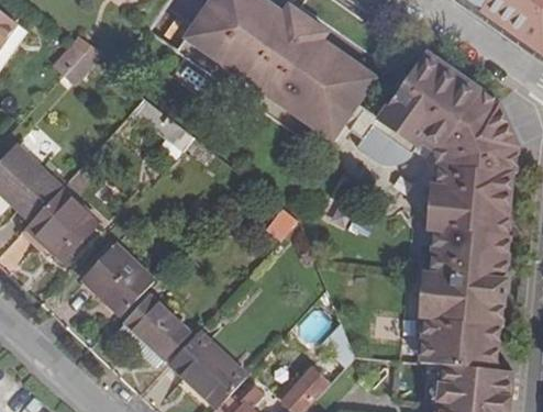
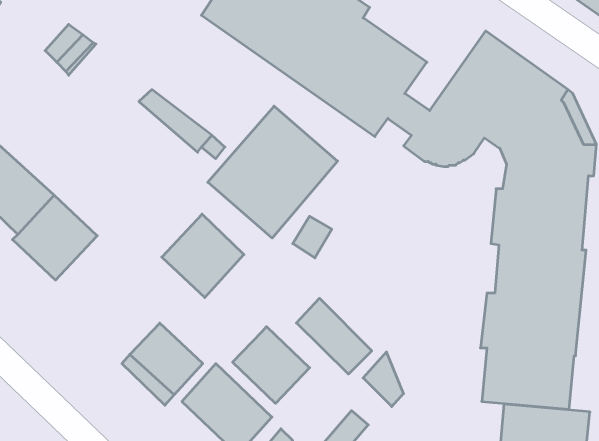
building: none -> [208,106,338,238]
building: [84,245,153,315] -> [162,214,244,298]
building: none -> [296,298,372,374]
building: none -> [233,327,310,403]

